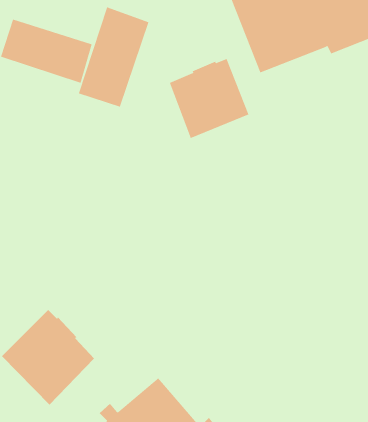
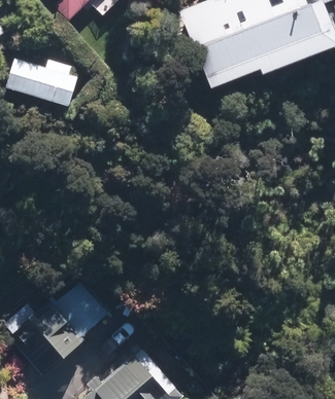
building: [78,7,149,107] -> none
building: [169,58,249,139] -> none

